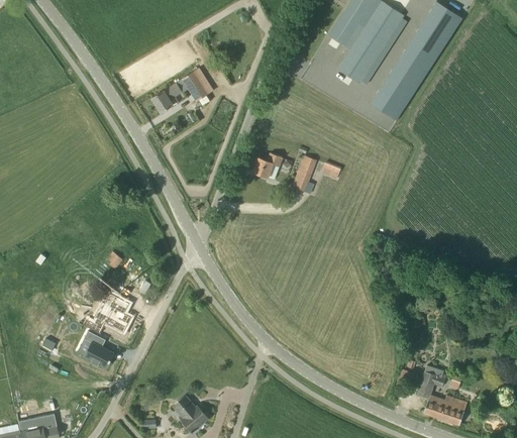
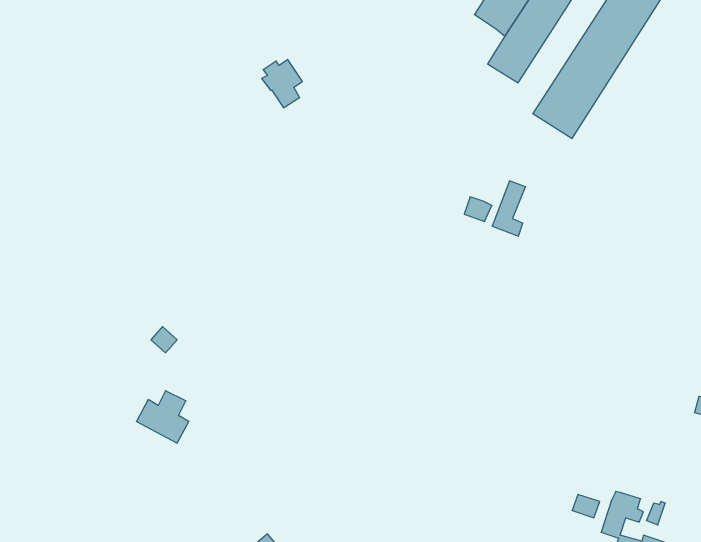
building: [151,81,186,112] -> none
building: [253,152,283,178] -> none
building: [293,155,316,194] -> [492,181,526,236]
building: [84,330,113,366] -> none

